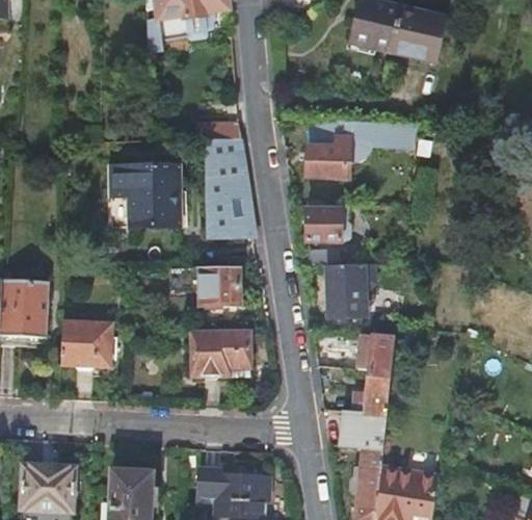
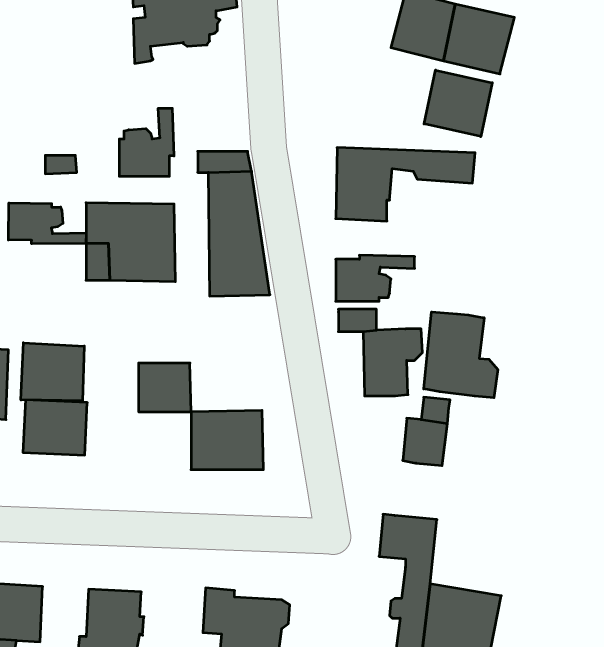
building: none -> [424,70,492,137]
building: none -> [119,108,174,176]
building: none -> [8,203,86,244]
building: none -> [424,312,498,398]
building: [198,267,240,306] -> [139,363,191,412]
building: none -> [21,343,84,401]
building: [353,370,391,415] -> none

